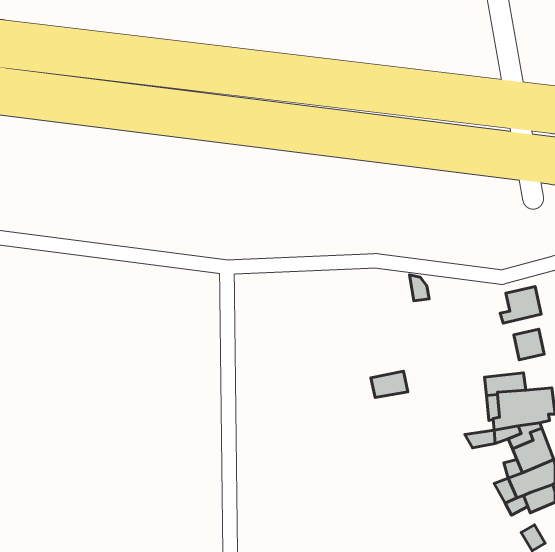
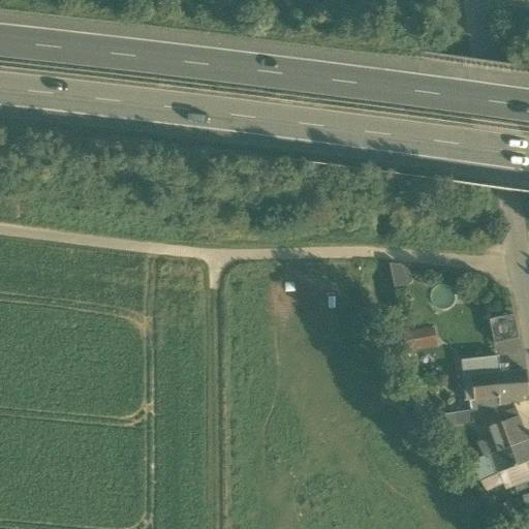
building: [500,287,541,323] -> none
building: [371,371,408,397] -> [402,324,437,349]

